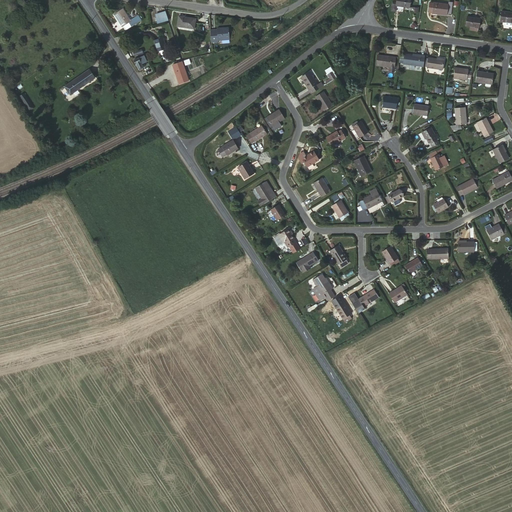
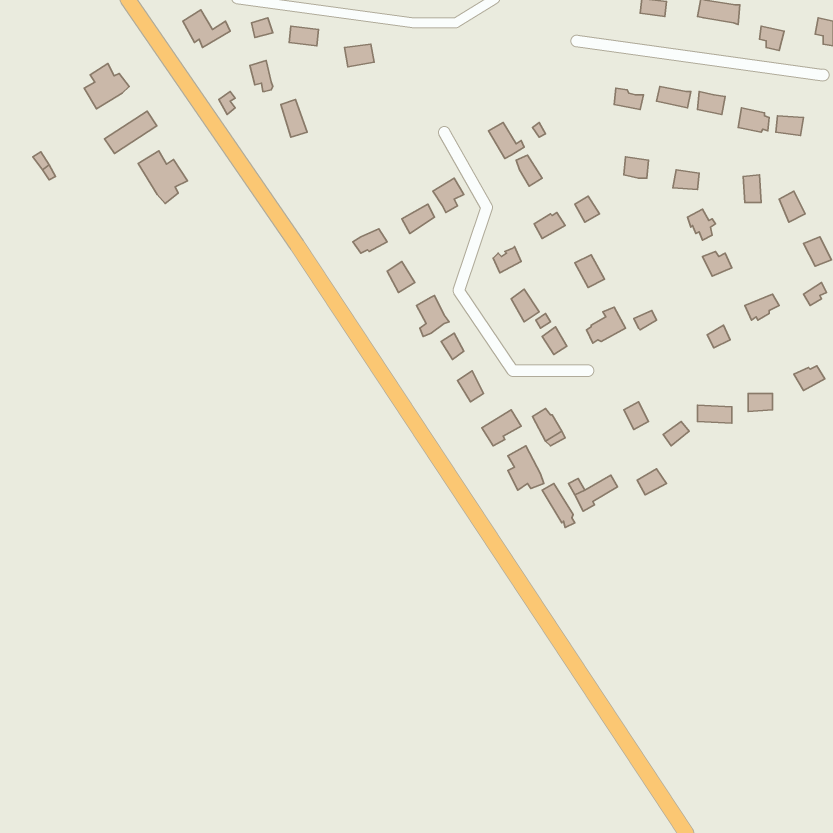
building: none -> [84,64,129,109]
building: none -> [138,151,188,203]

